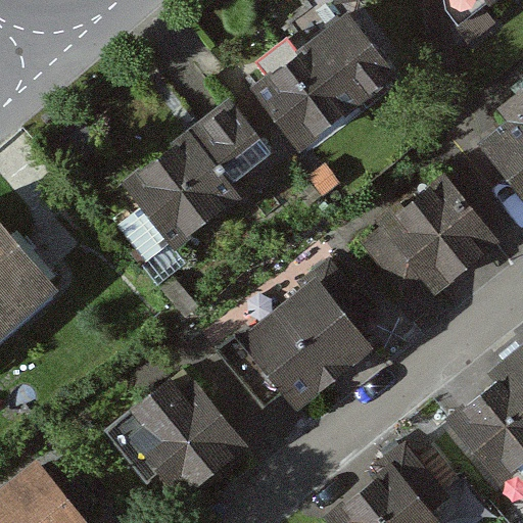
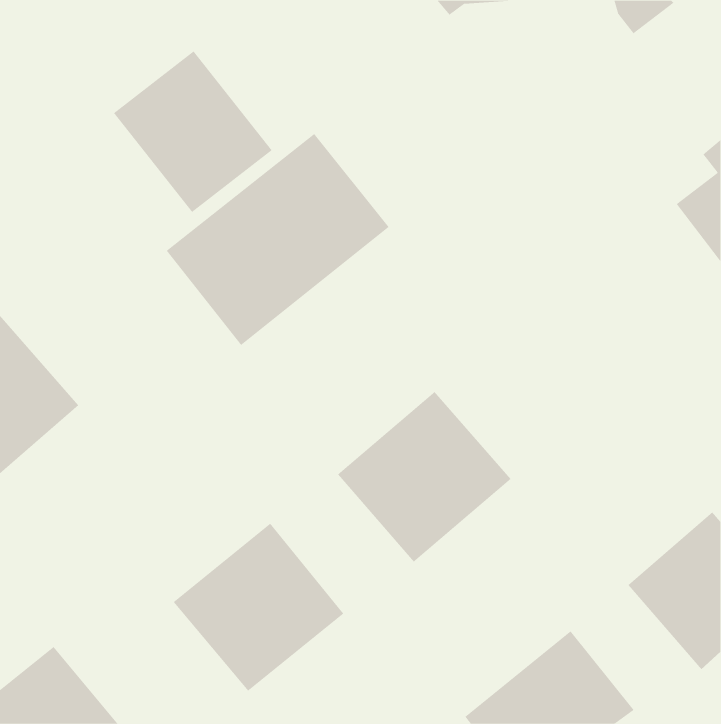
building: [247,10,394,150] -> none
building: none -> [113,51,273,213]
building: [387,183,501,295] -> none

